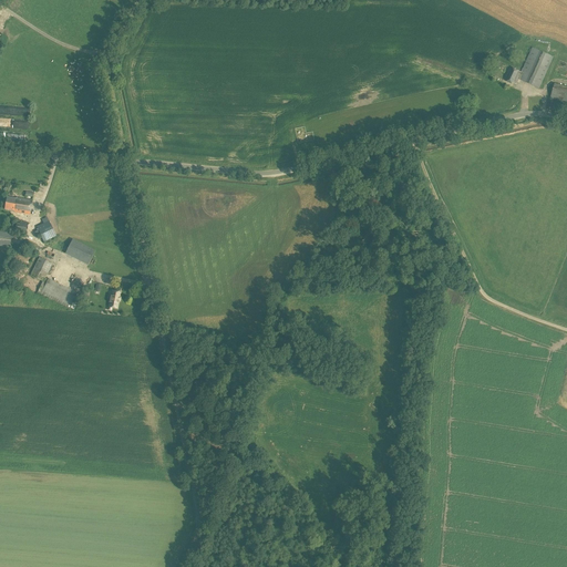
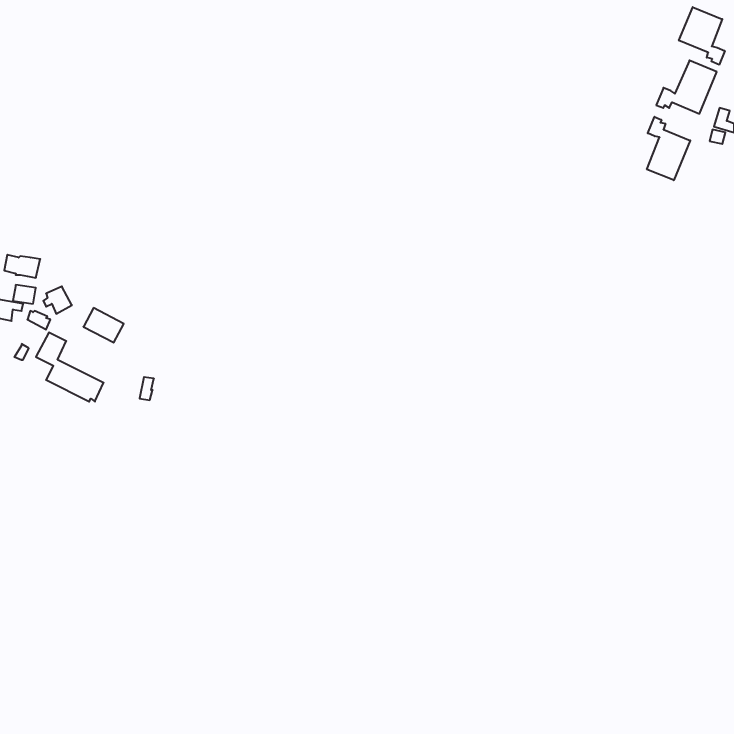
building: none -> [679,7,725,65]
building: none -> [647,117,690,180]

